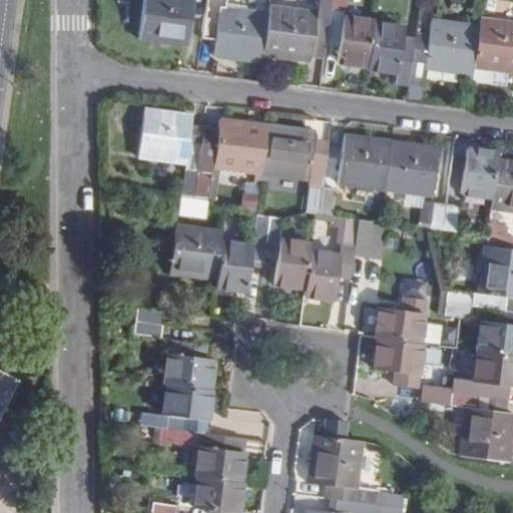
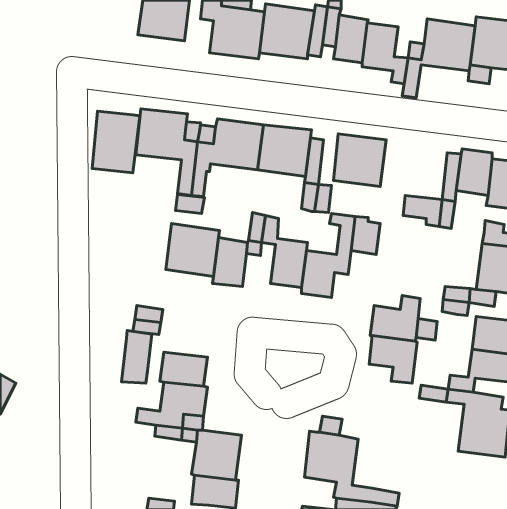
building: none -> [92,111,140,173]
building: [385,141,439,194] -> none
building: none -> [121,330,152,383]

